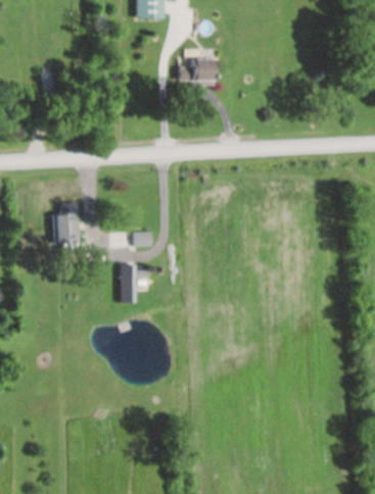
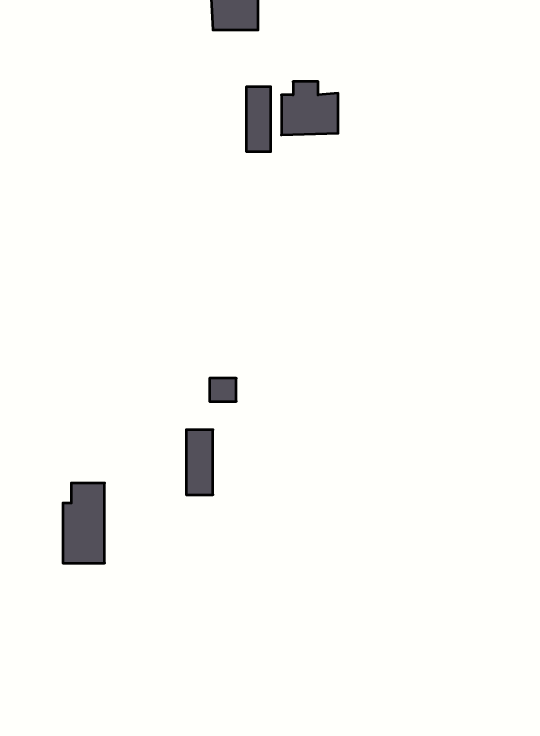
building: none -> [247,87,271,152]
building: [54,200,80,249] -> [63,483,105,563]

